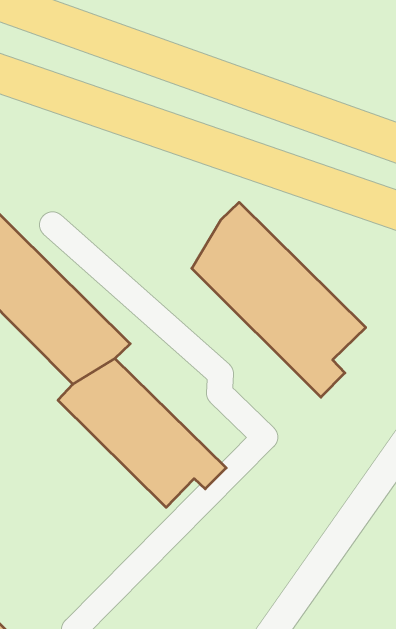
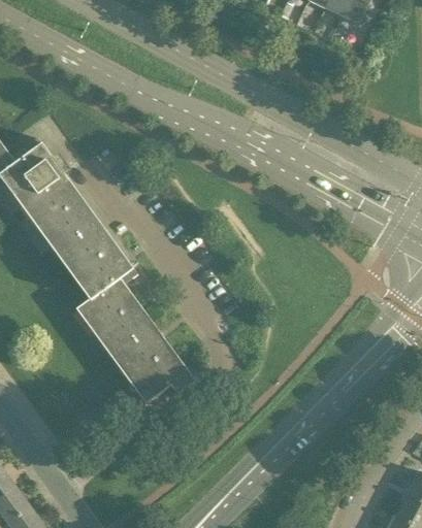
building: [192,202,366,397] -> none

